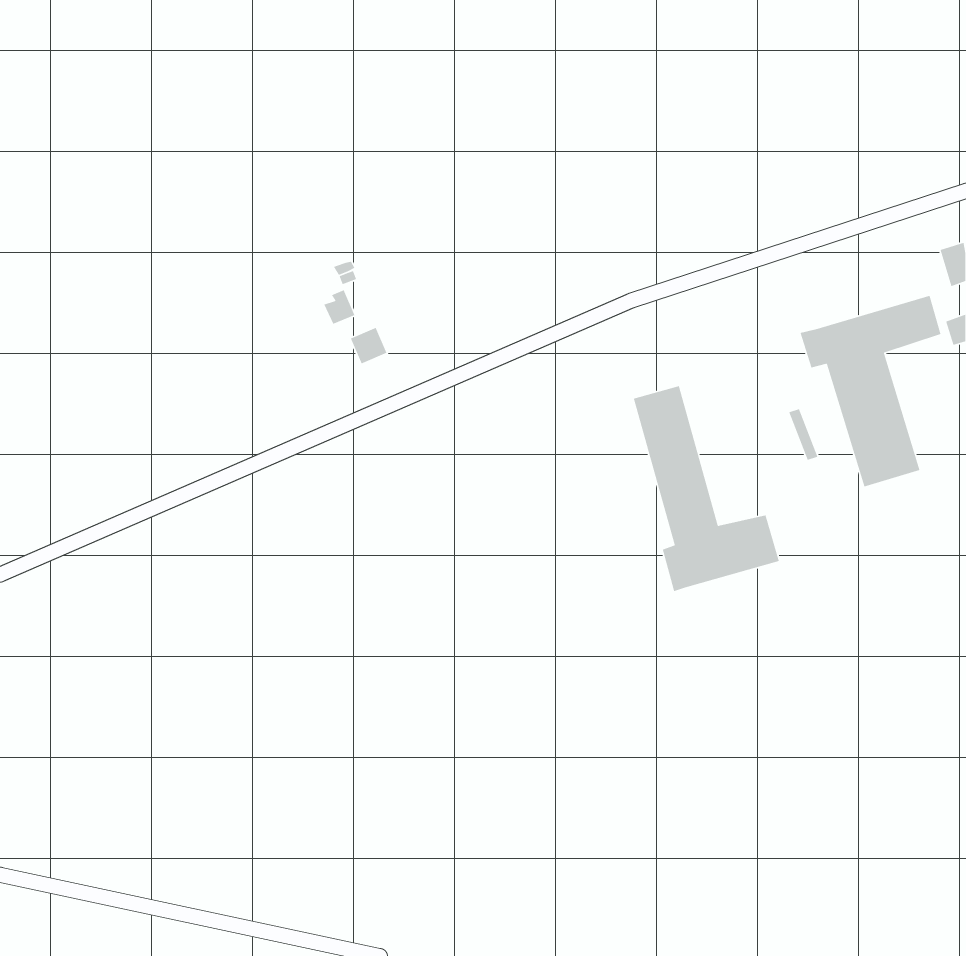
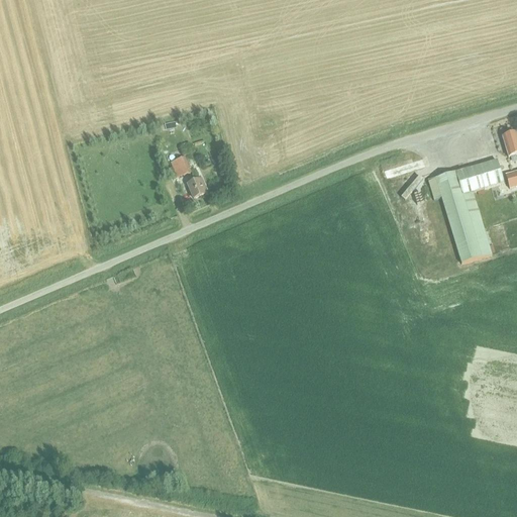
building: [633,385,780,592] -> none

